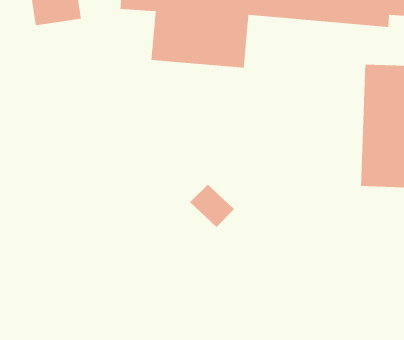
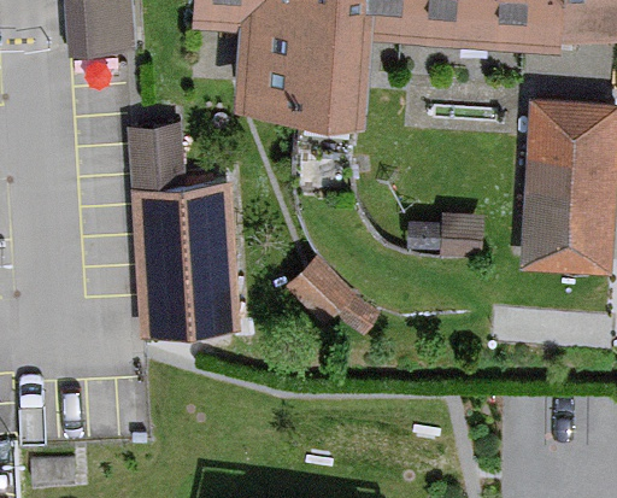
building: none -> [130,127,239,342]

